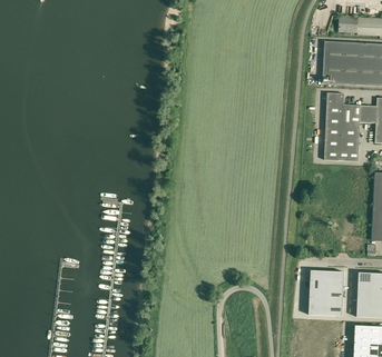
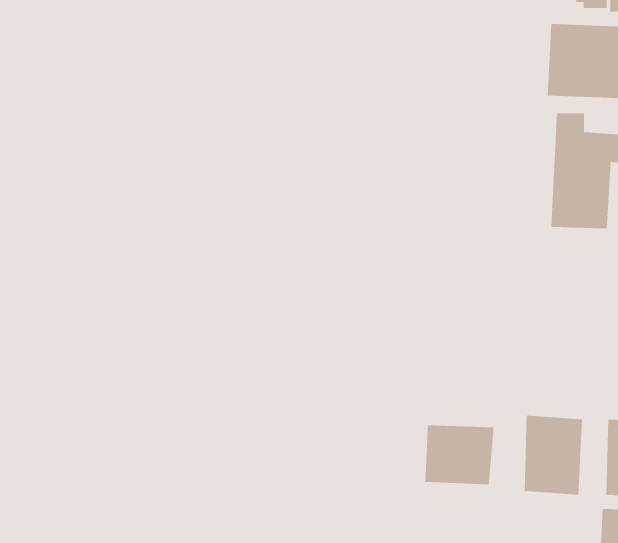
building: none -> [425,424,494,485]

